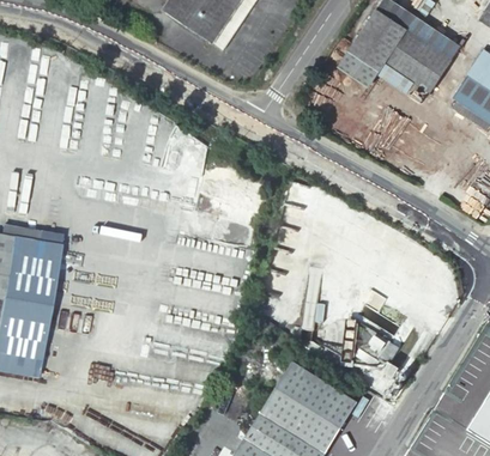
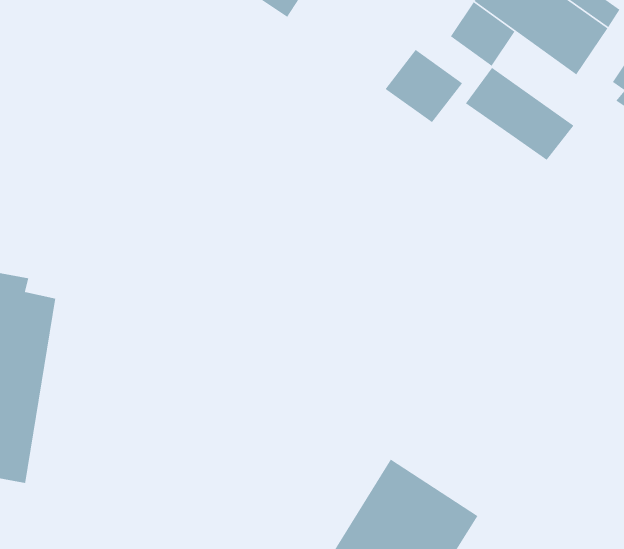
building: none -> [385,49,463,123]
building: none -> [465,67,574,161]

